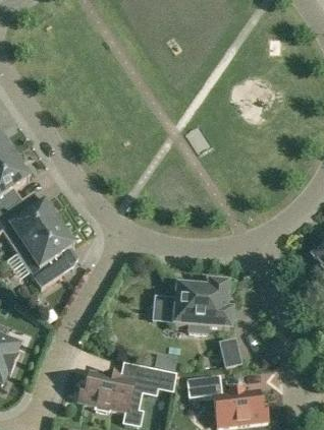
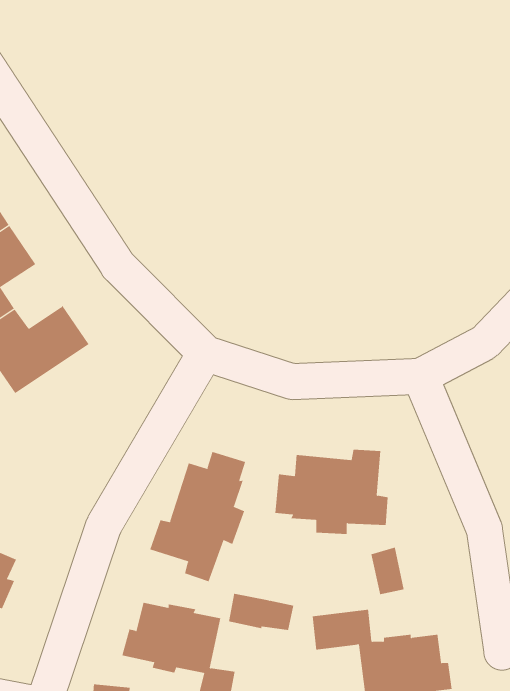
building: [17,223,74,288] -> none
building: none -> [150,451,246,582]

